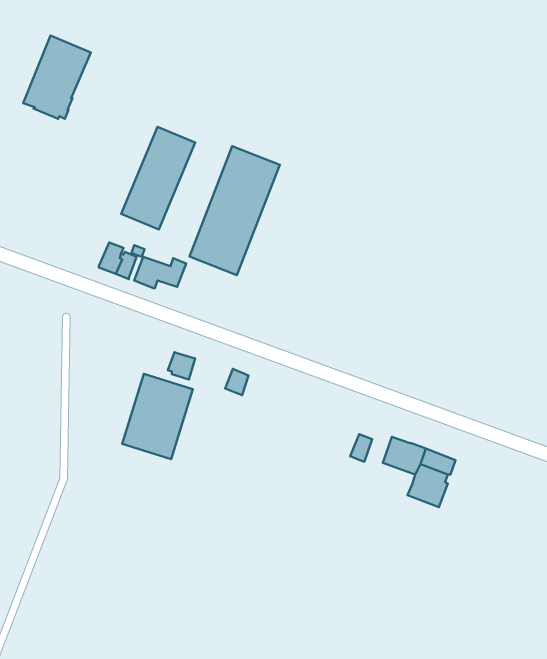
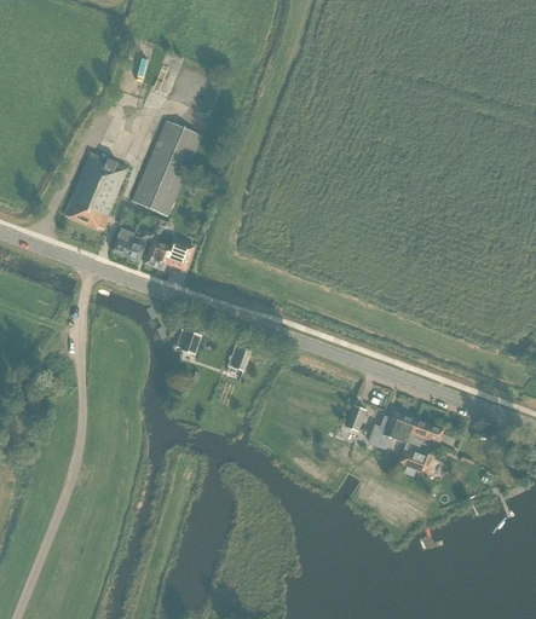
building: [23,36,91,119] -> [64,151,127,228]
building: [189,146,280,275] -> none
building: [122,374,193,459] -> none

